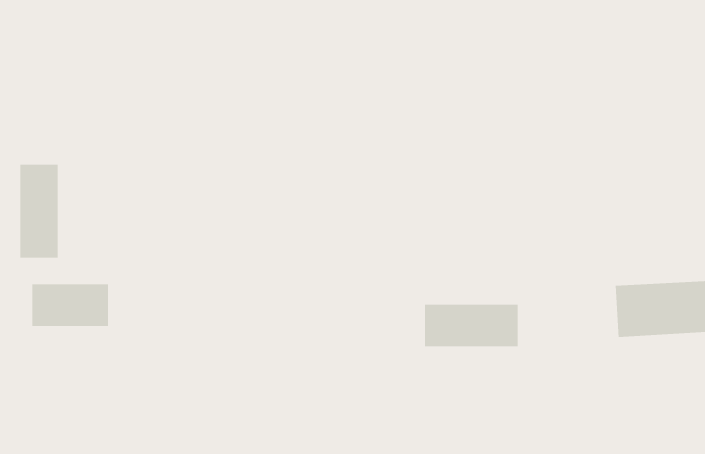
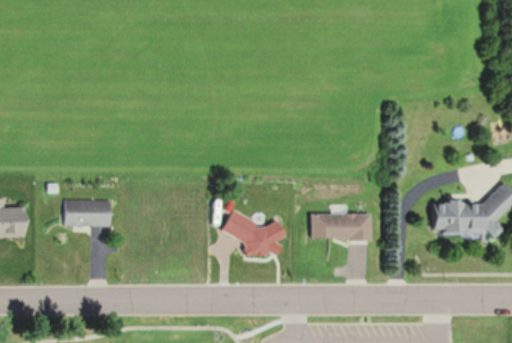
building: [20,164,58,259] -> none
building: none -> [221,212,286,261]

